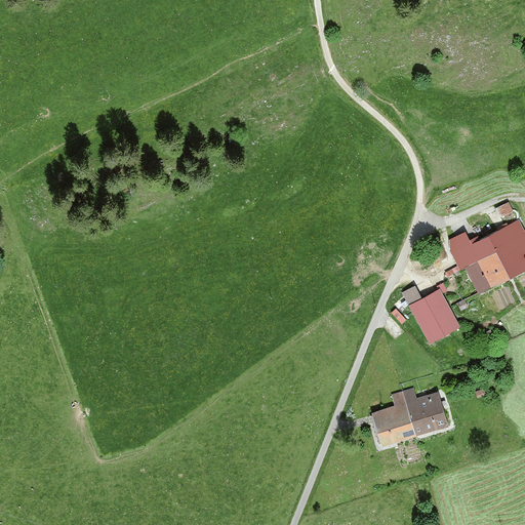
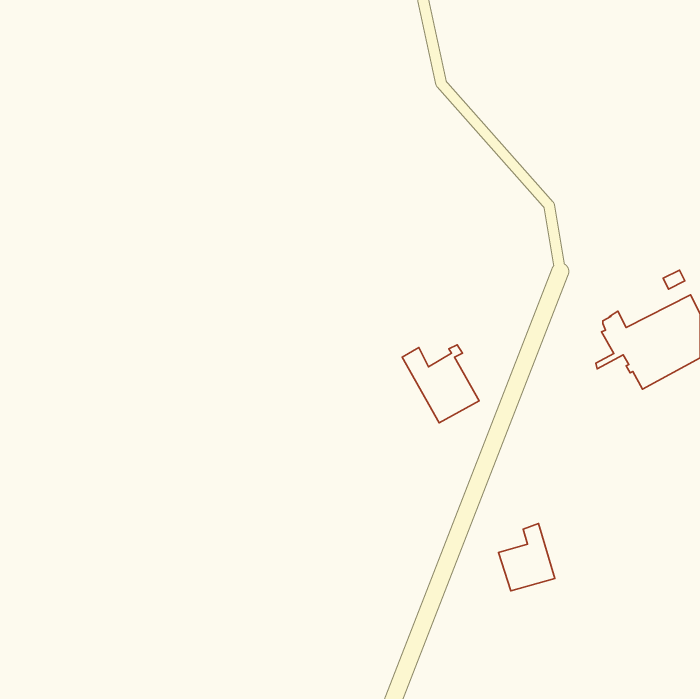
building: [402,284,459,342] -> [402,345,479,423]
building: [403,390,447,434] -> none

